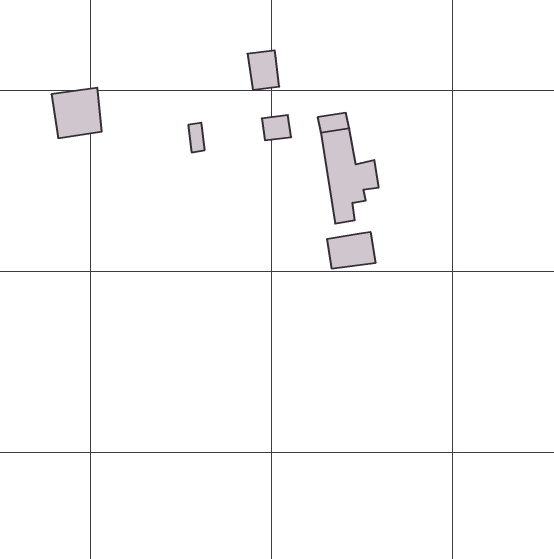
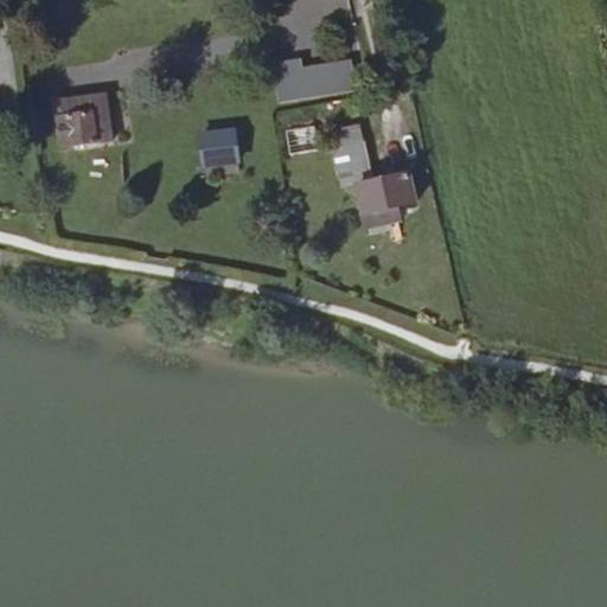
building: none -> [299,58,352,95]
building: [327,232,375,269] -> none

